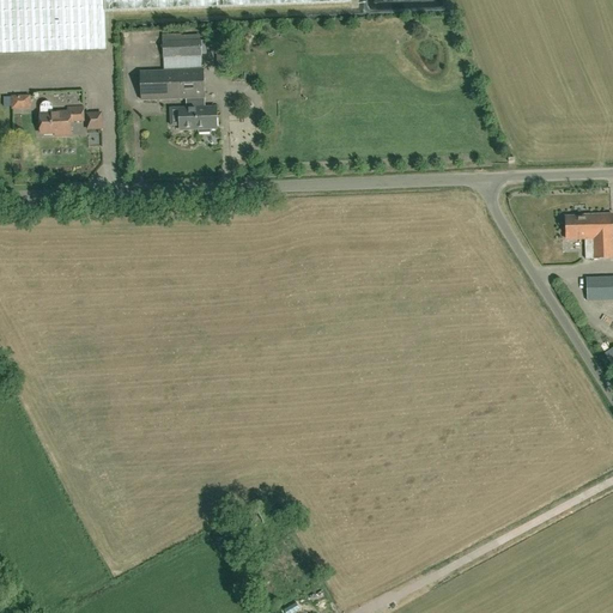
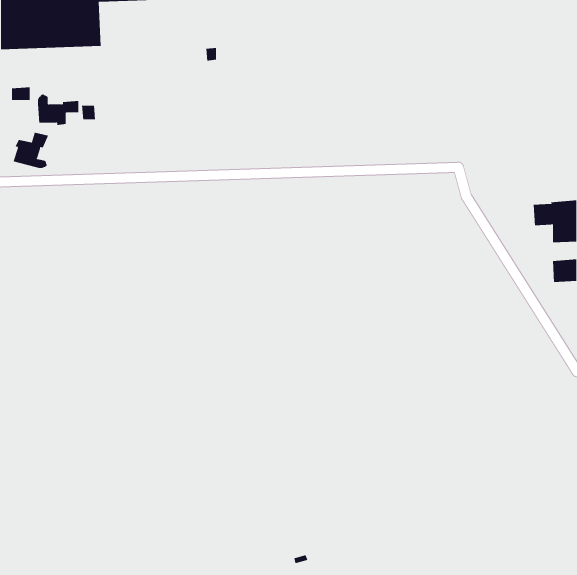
building: [141,31,217,131] -> none
building: none -> [13,132,49,169]

